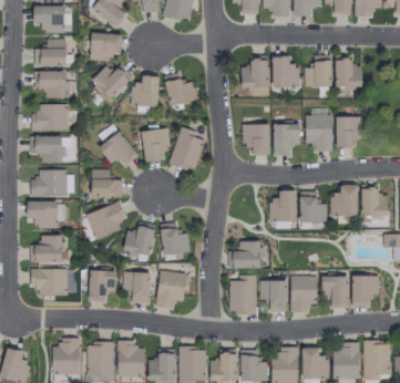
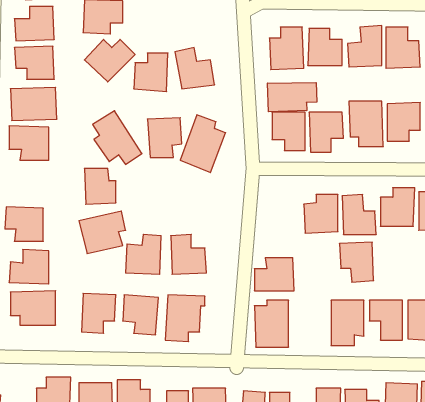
building: none -> [268,83,317,112]
building: [30,170,74,196] -> none
building: [259,280,287,312] -> [339,242,374,282]

